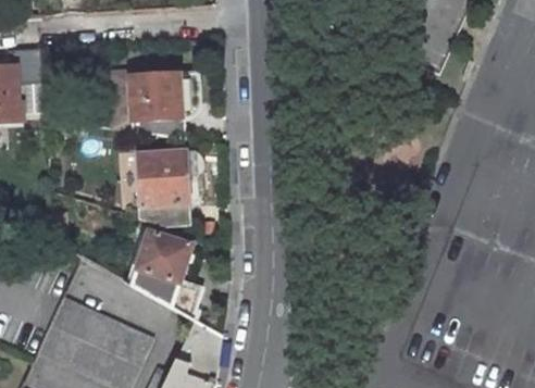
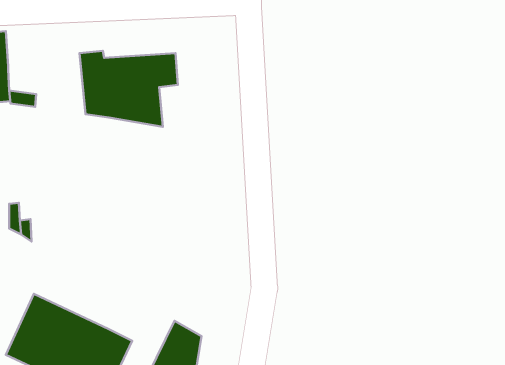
building: [137,151,189,222] -> none
building: [129,230,198,315] -> none

